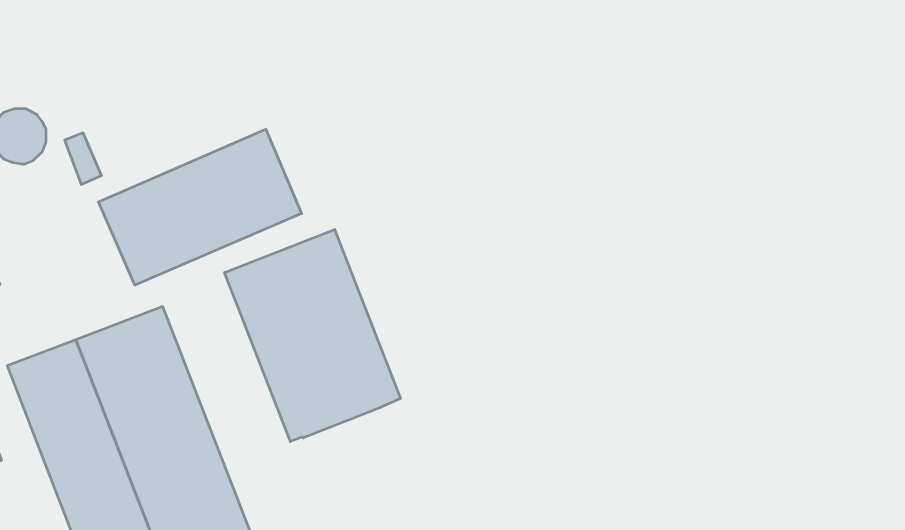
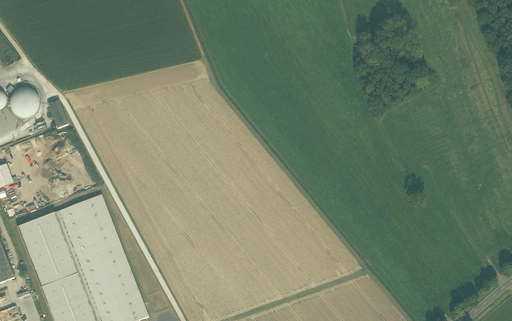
building: [98,129,302,285] -> none
building: [225,229,400,442] -> none

